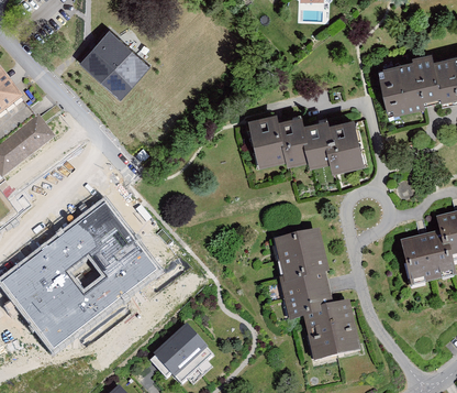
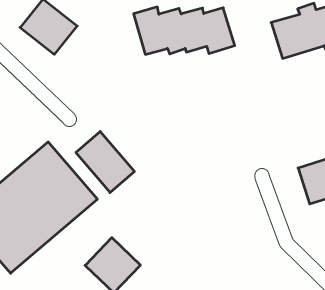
building: [246,112,363,171] -> [134,7,235,54]
building: none -> [76,131,134,193]
building: [274,233,357,362] -> none

